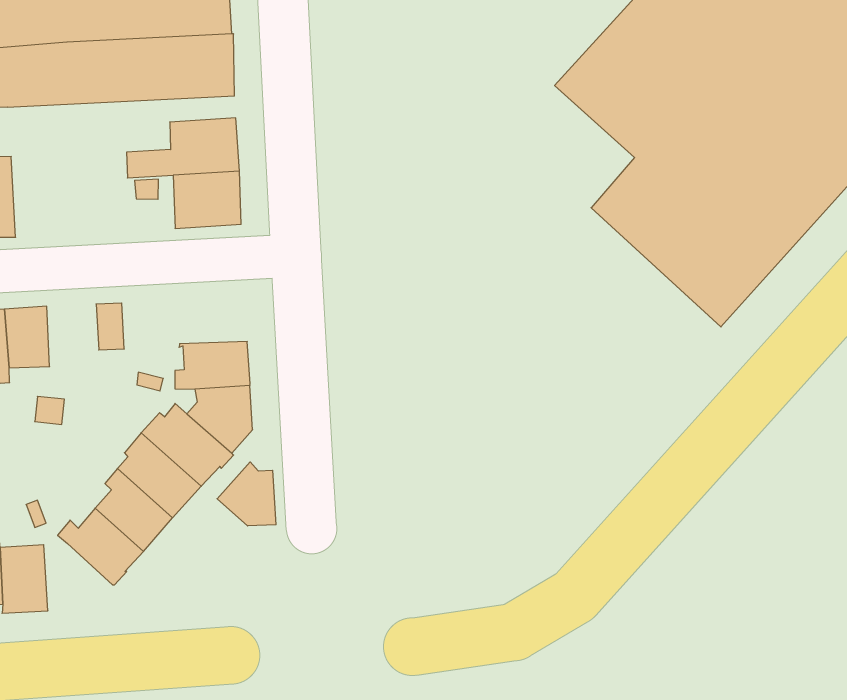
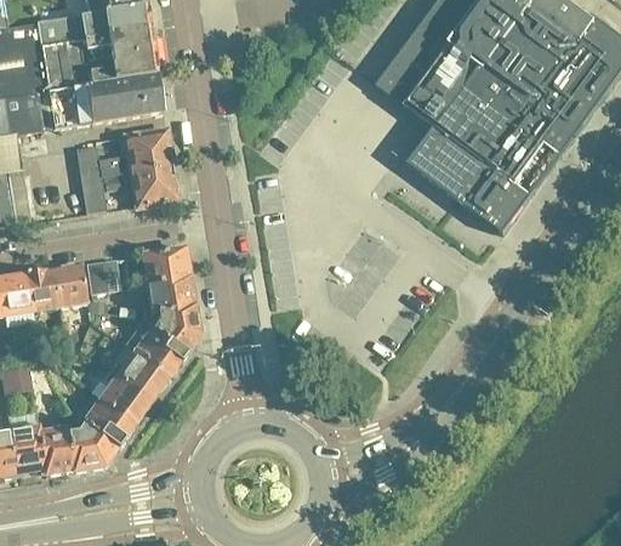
building: none -> [75,143,106,211]
building: none -> [143,244,190,280]
building: none -> [55,261,89,305]
building: [217,462,276,526] -> none
building: none -> [70,421,118,467]

